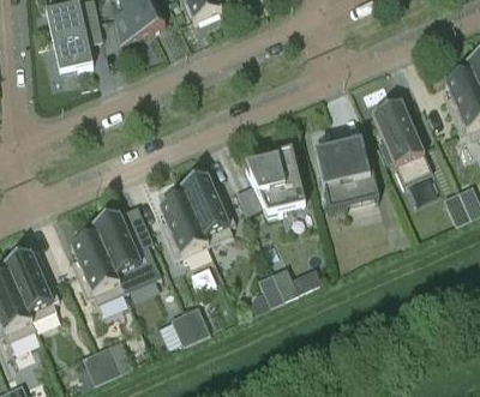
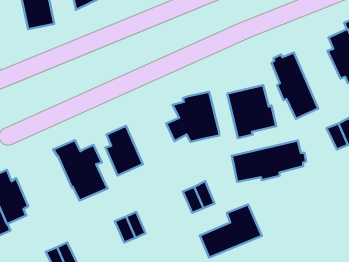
building: [180,174,235,243] -> none
building: none -> [232,140,306,182]
building: [71,233,125,302] -> none
building: none -> [200,204,262,258]

